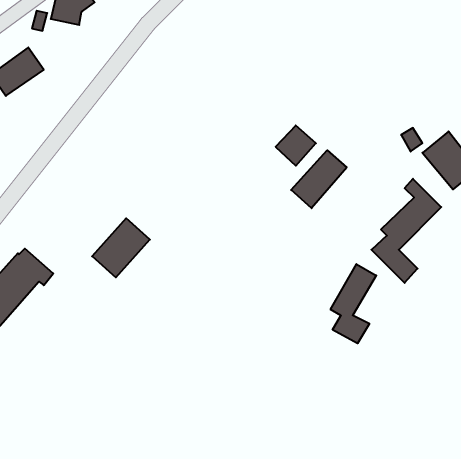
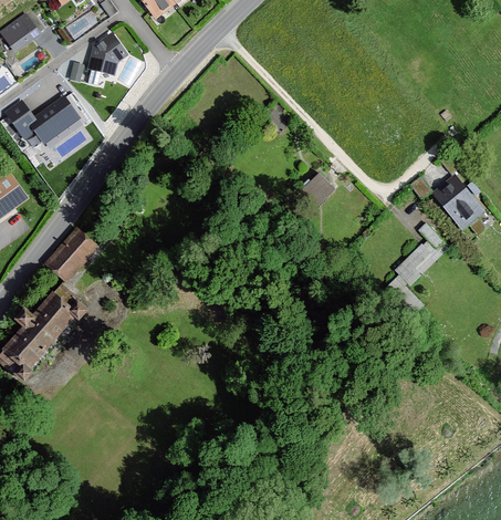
building: [291,150,347,208] -> none
building: [92,218,150,277] -> [45,226,100,281]
building: [331,264,376,343] -> none

